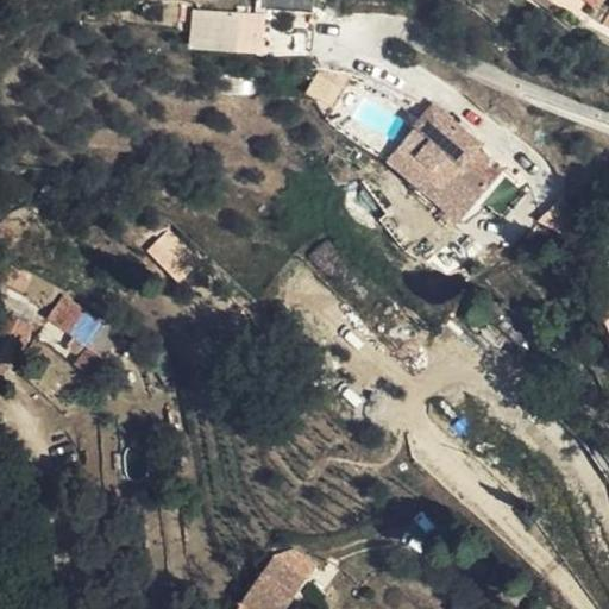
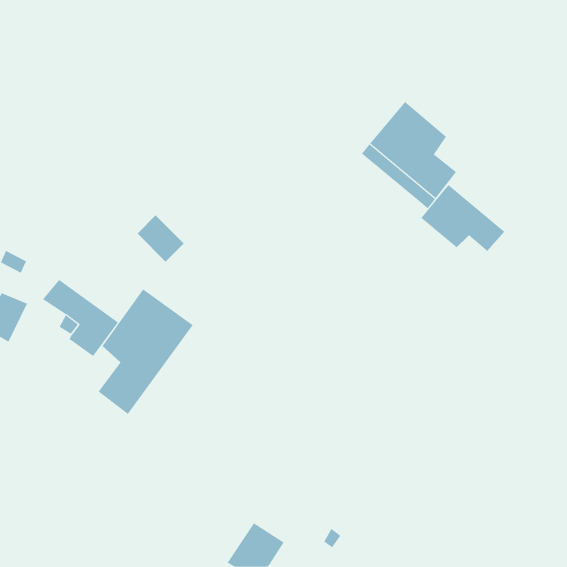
building: [188,11,264,51] -> none
building: none -> [420,184,505,252]
building: none -> [98,289,194,415]

